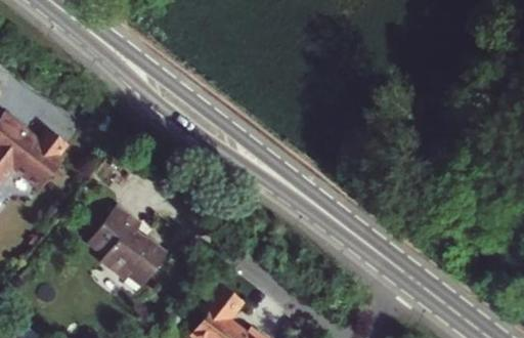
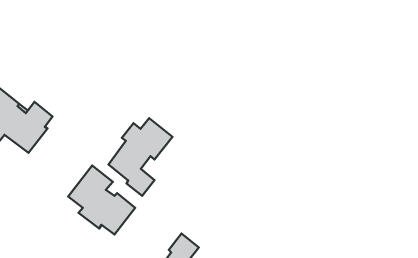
building: none -> [108,118,172,196]

